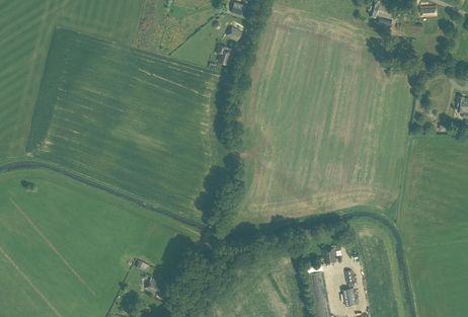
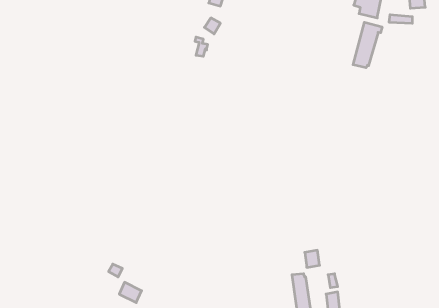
building: none -> [353,22,382,68]

